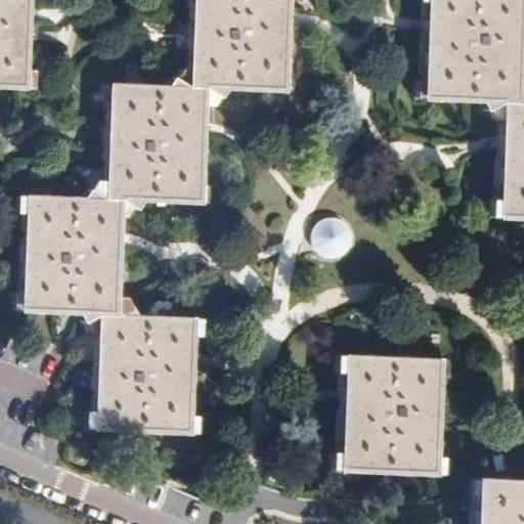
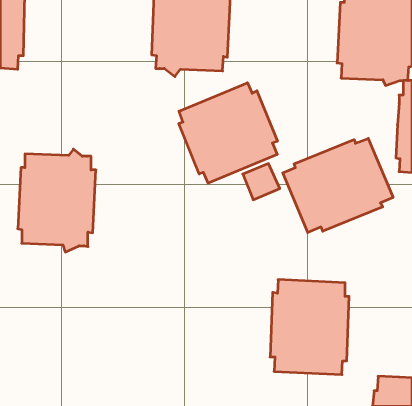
building: [106,77,207,209] -> none
building: none -> [179,83,277,183]
building: none -> [283,138,393,233]
building: [97,305,198,433] -> none

